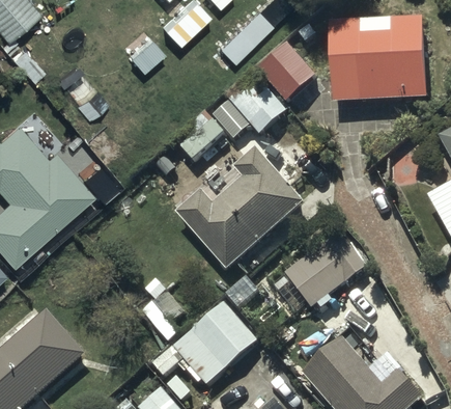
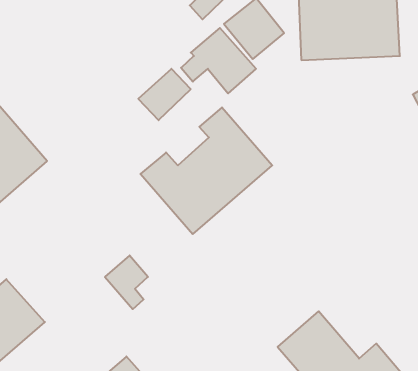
building: [284,233,365,307] -> none
building: [152,302,257,386] -> none

